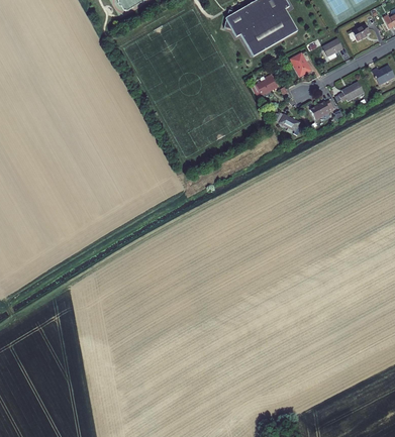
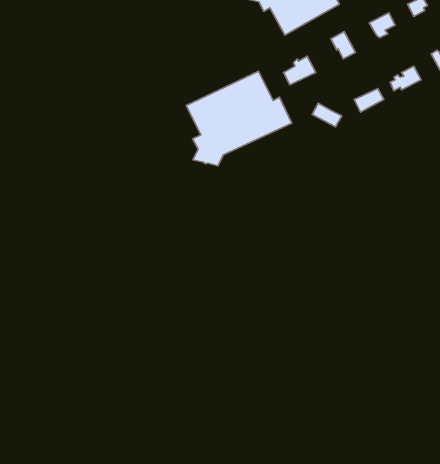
building: none -> [186,71,292,166]

